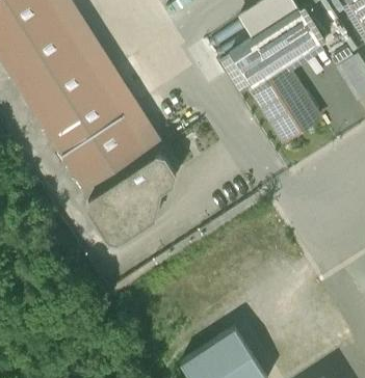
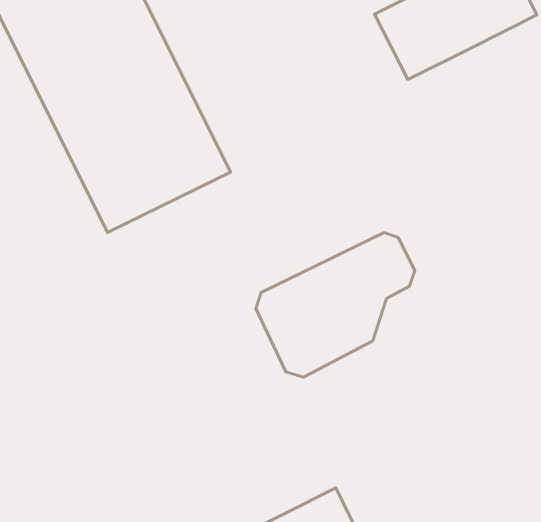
building: [252,70,319,144] -> none
building: [87,155,176,242] -> [256,233,415,377]

